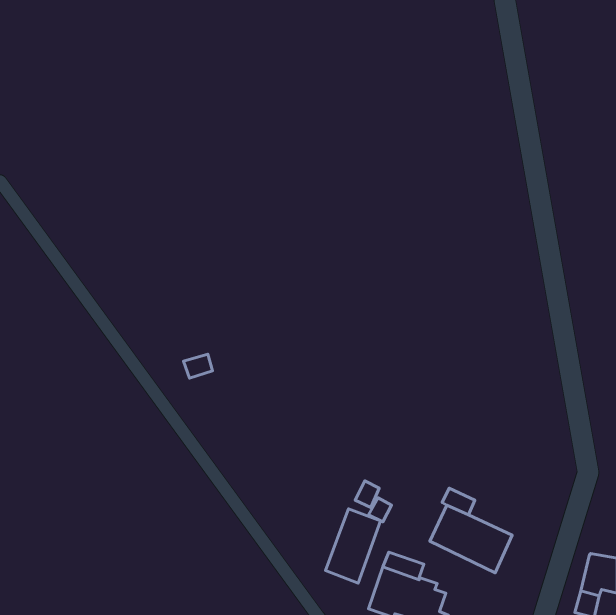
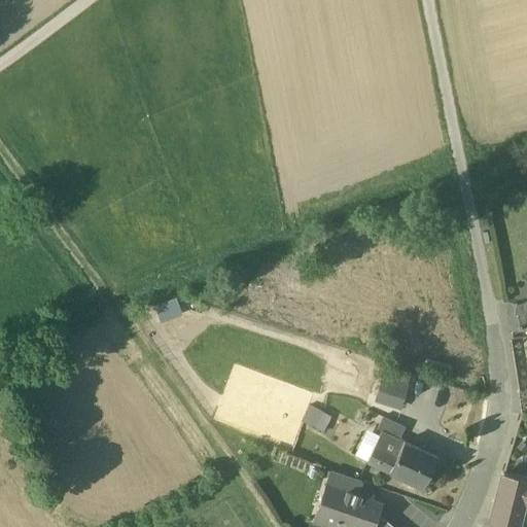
building: none -> [377,379,409,407]
building: [326,509,381,583] -> none

